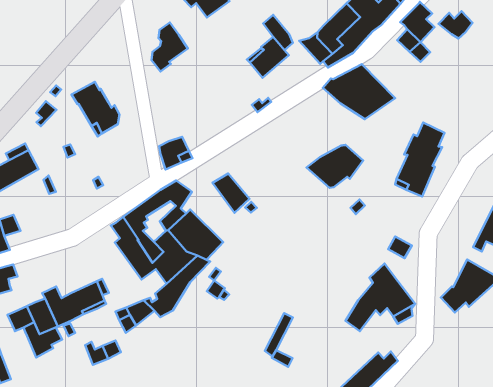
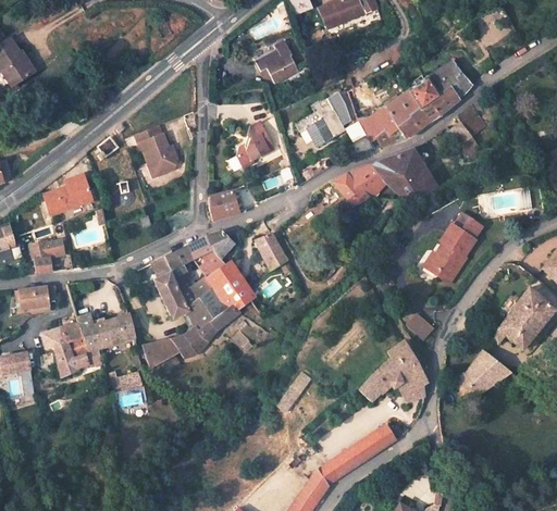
building: [439,11,473,38] -> none
building: [152,23,188,71] -> [237,122,273,166]
building: [306,145,363,188] -> [333,165,387,203]

